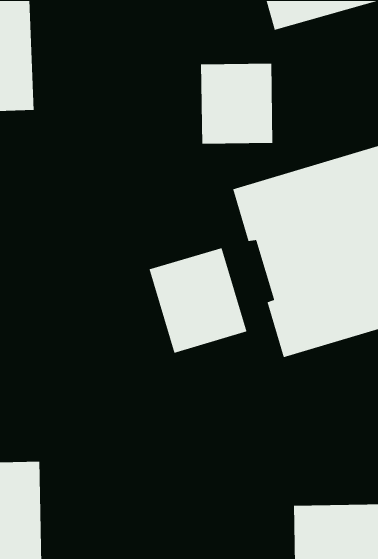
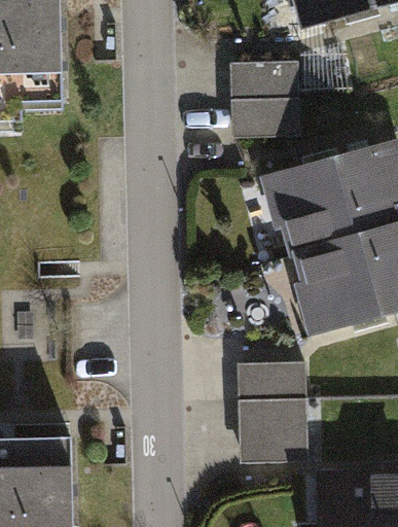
building: [148,247,247,354] -> none
building: none -> [233,360,303,461]

